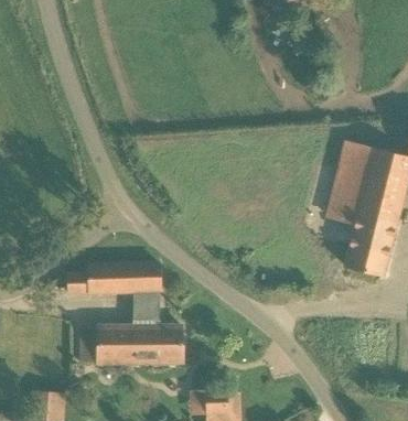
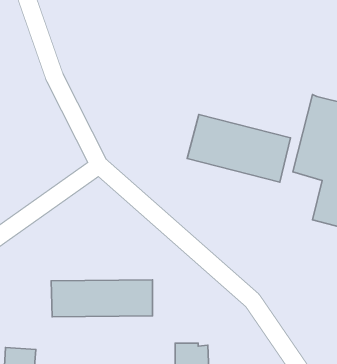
building: none -> [187,115,290,182]
building: [69,263,160,293] -> none

